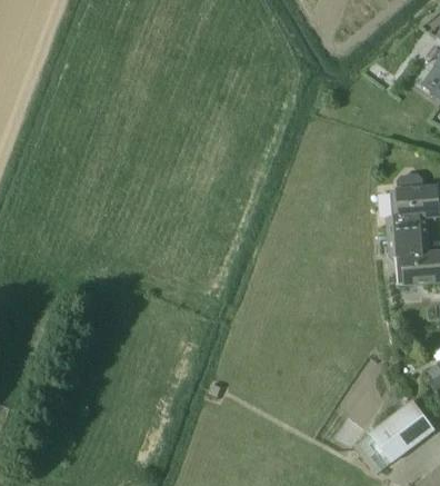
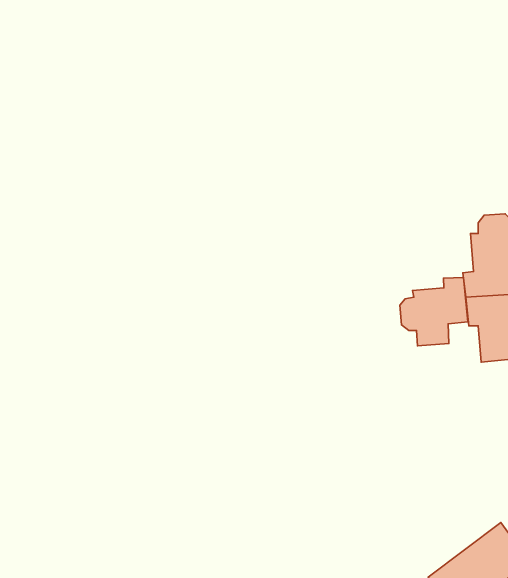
building: none -> [400,278,468,346]

